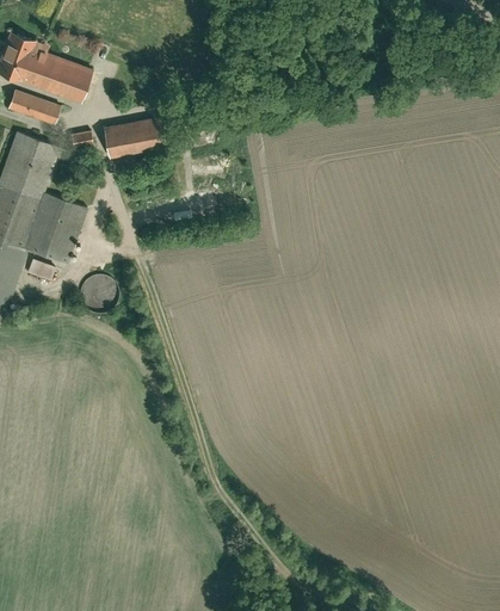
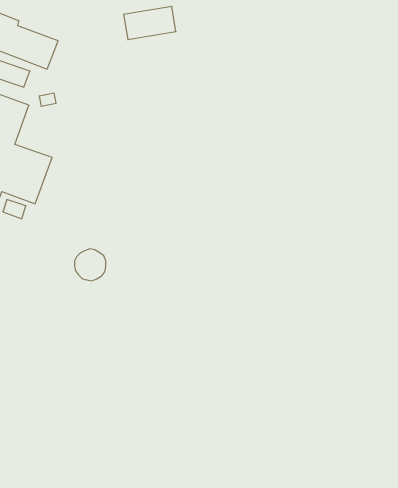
building: [104,119,166,159] -> [124,6,176,40]
building: [79,274,116,313] -> [75,249,106,281]

